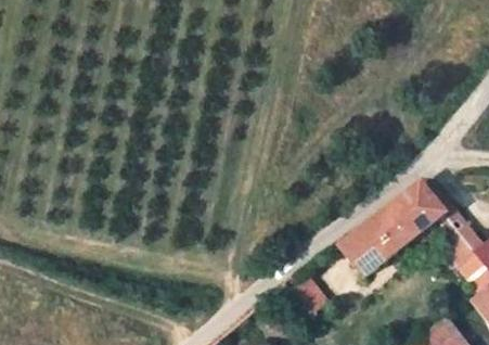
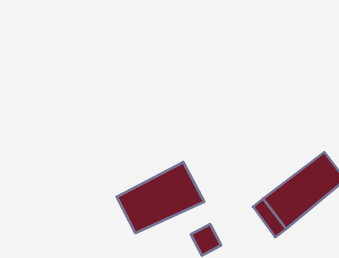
building: none -> [117,162,204,233]

